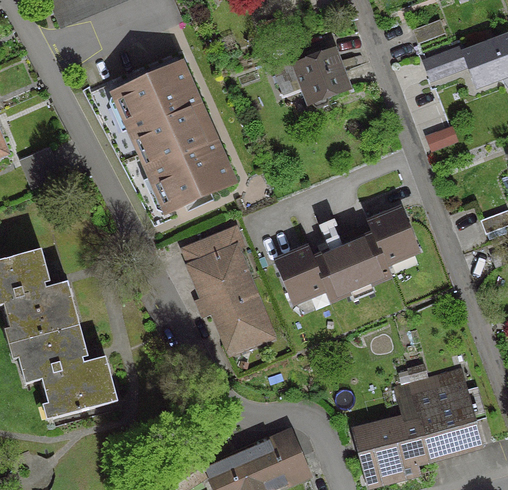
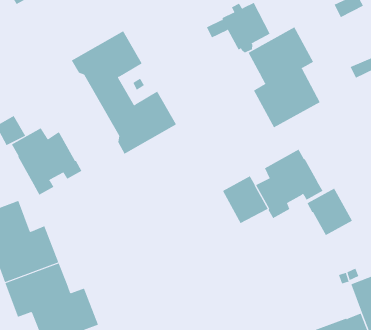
building: none -> [248,27,320,128]
building: none -> [11,127,82,196]
building: [367,209,418,263] -> [306,188,353,236]
building: [190,228,266,341] -> none

